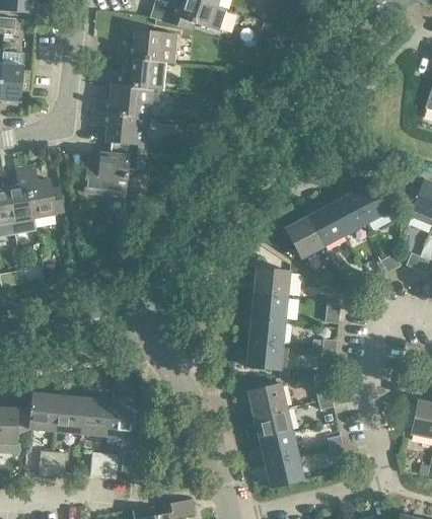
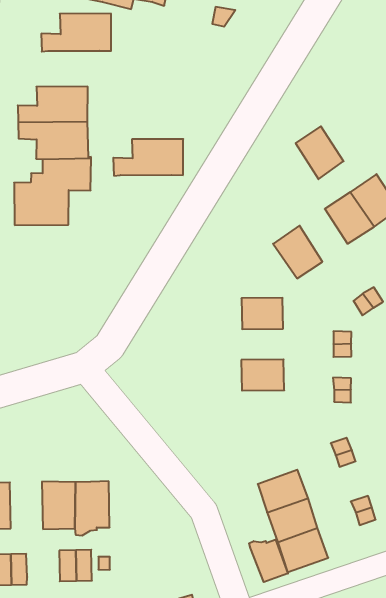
building: [106,57,164,89] -> [113,139,183,176]
building: [308,204,345,245] -> [296,126,344,179]
building: [251,292,287,319] -> none
building: [247,341,283,368] -> none
building: [248,383,287,416] -> none
building: [56,394,84,434] -> none
building: none -> [249,539,288,582]

